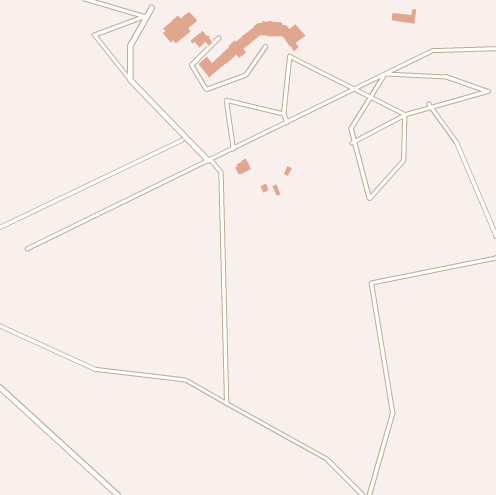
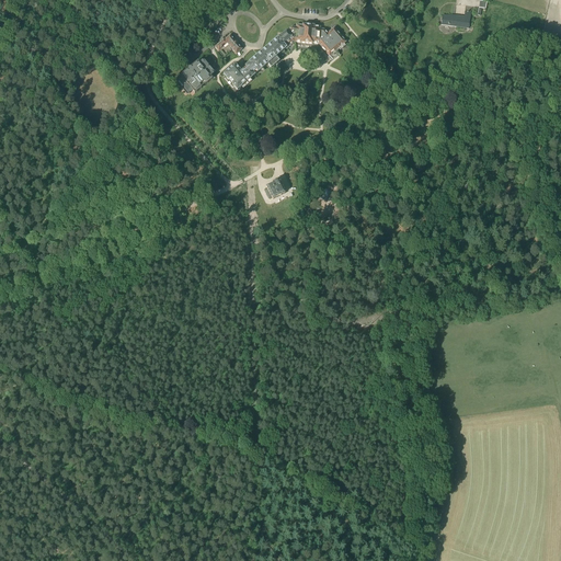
building: [162,11,198,44] -> [179,55,219,92]

